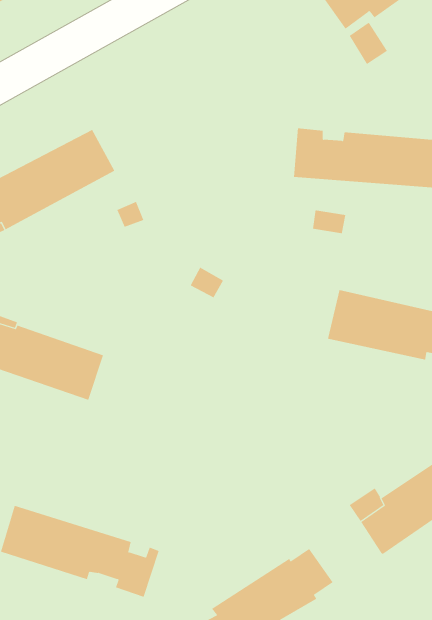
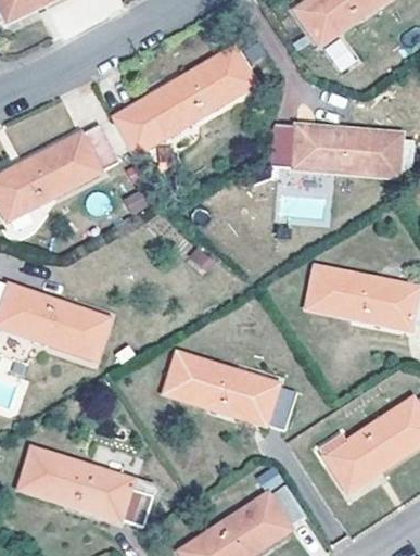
building: none -> [113,48,254,155]
building: none -> [165,353,292,429]

